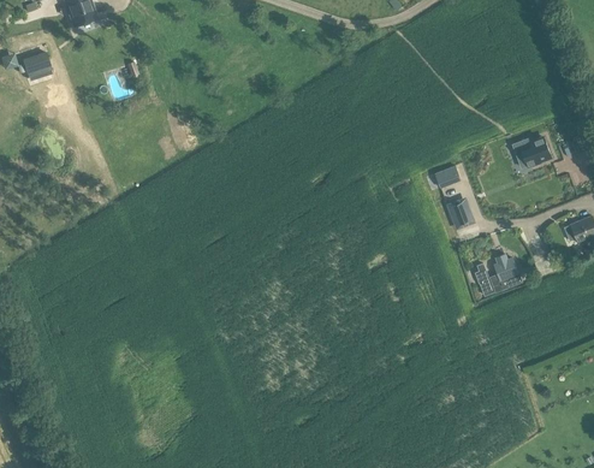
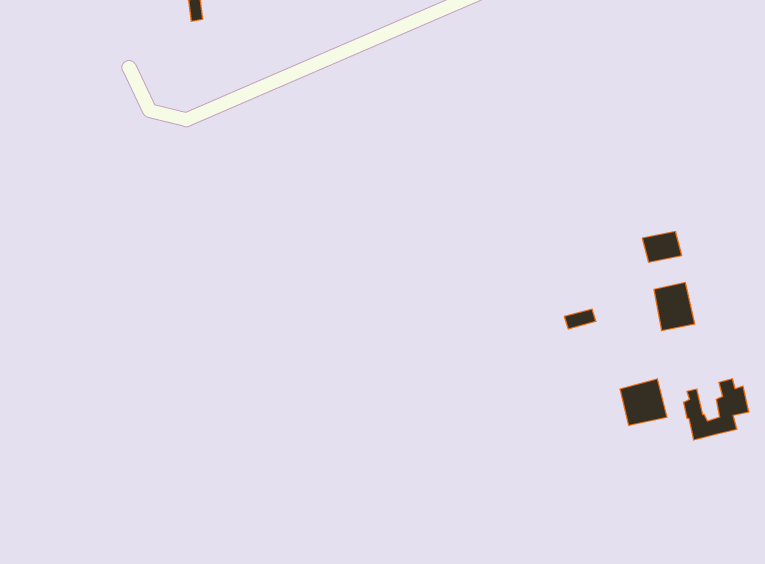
building: none -> [620,379,667,426]

